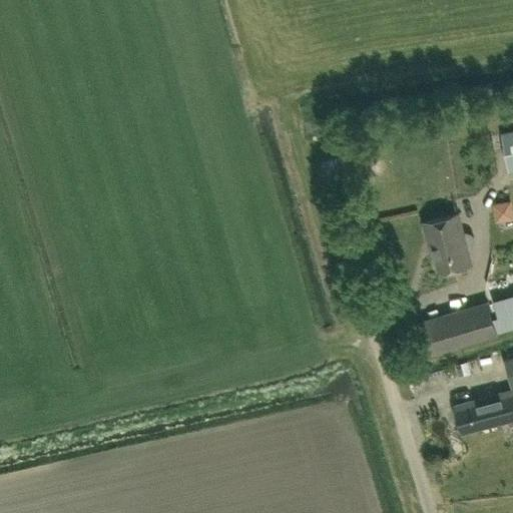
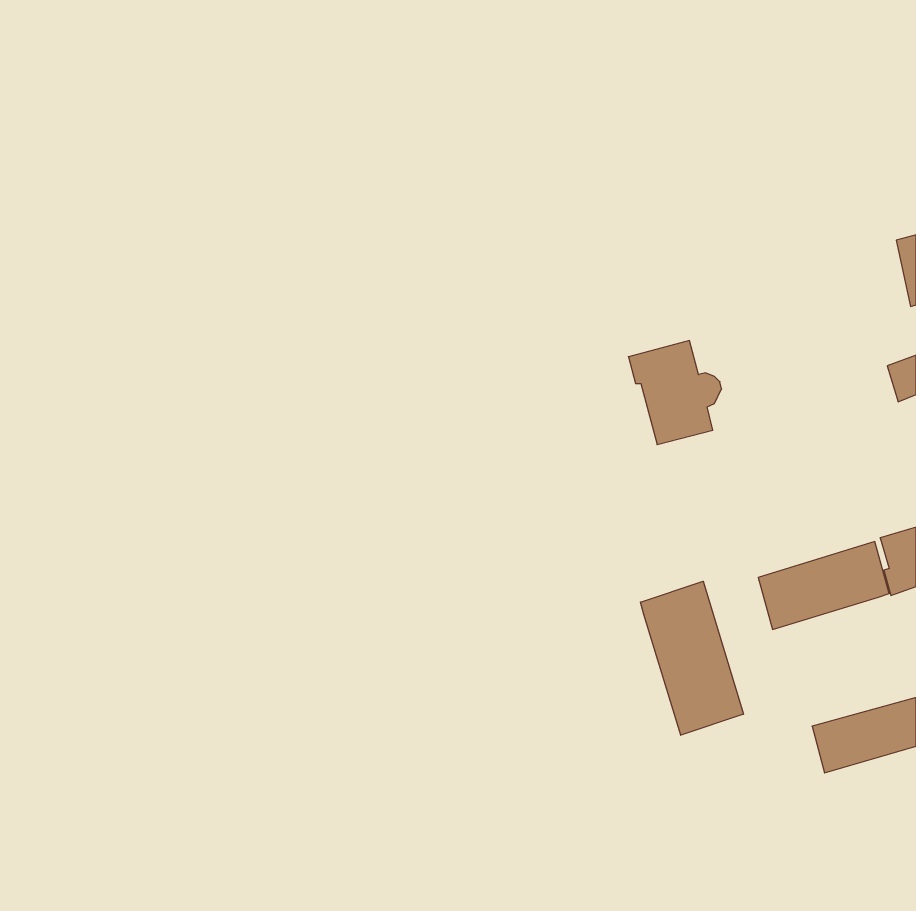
building: [424,216,476,275] -> [628,341,722,445]
building: none -> [640,581,743,735]

